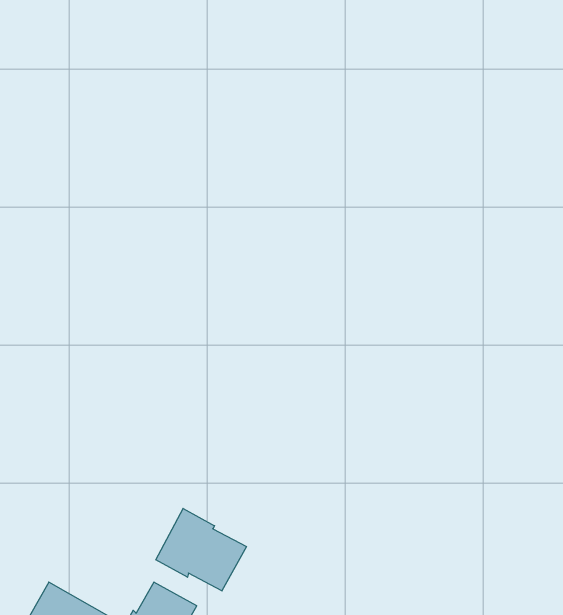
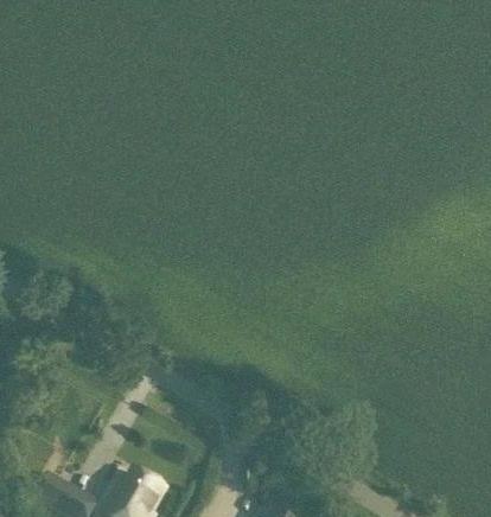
building: [156,508,246,591] -> none

